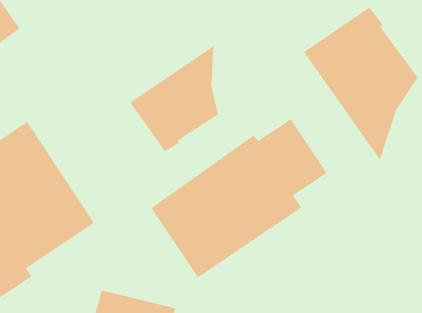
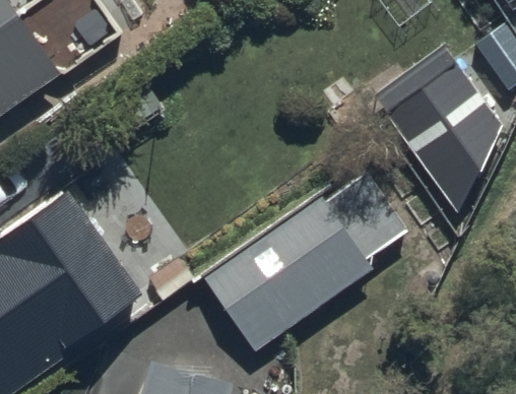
building: [130,45,219,152] -> none

